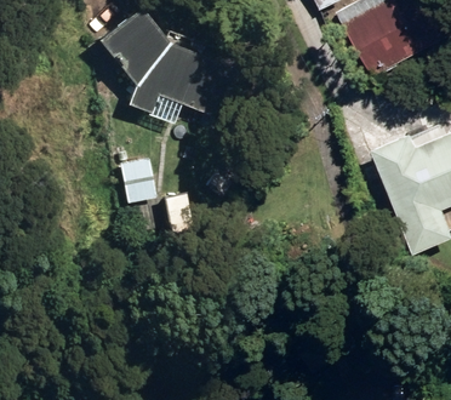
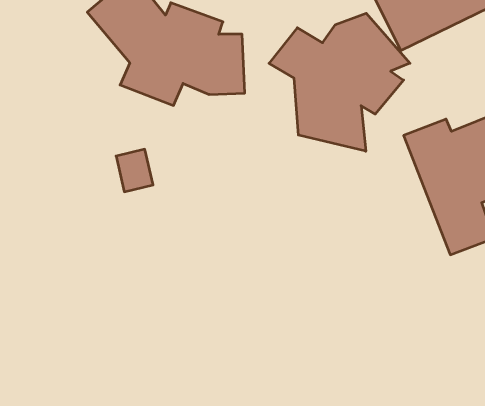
building: none -> [269,13,410,151]

